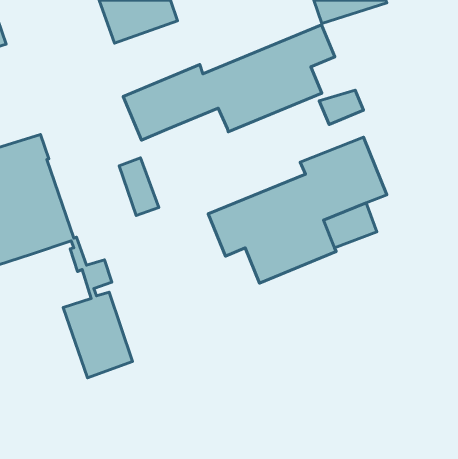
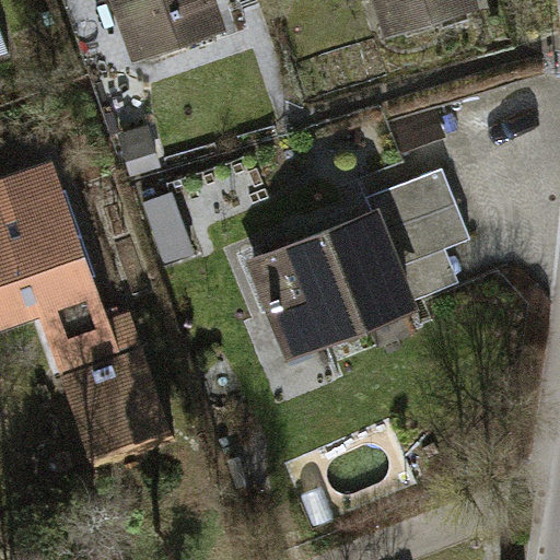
building: [123,25,335,140] -> none
building: none -> [38,294,110,464]

